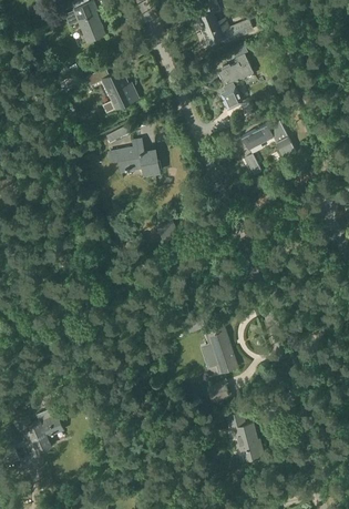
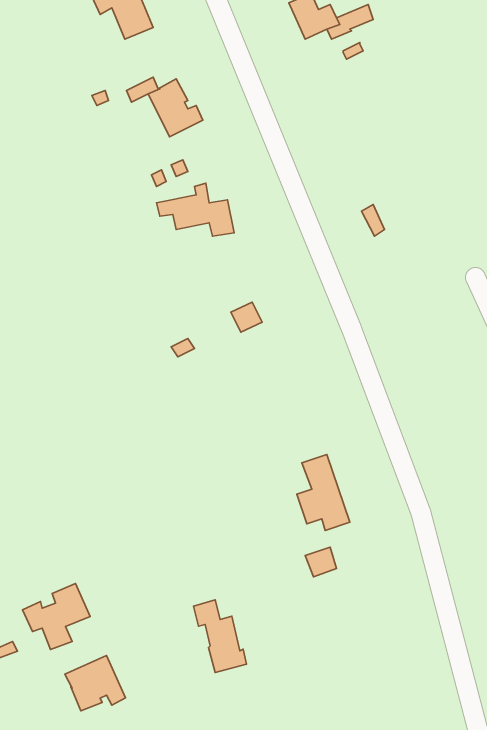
building: [218,54,253,110] -> none
building: [243,119,296,160] -> none
building: [228,411,264,460] -> [194,600,247,672]
building: none -> [65,655,125,711]

